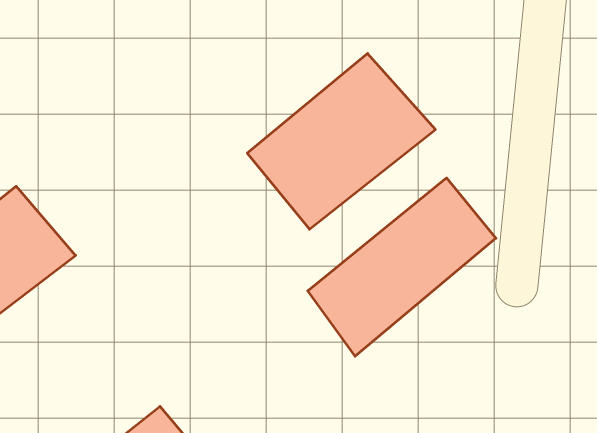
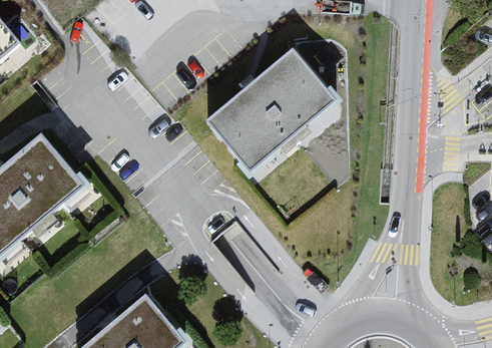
building: [308,178,496,356] -> none

